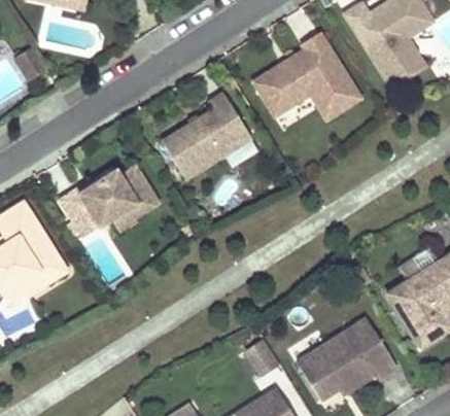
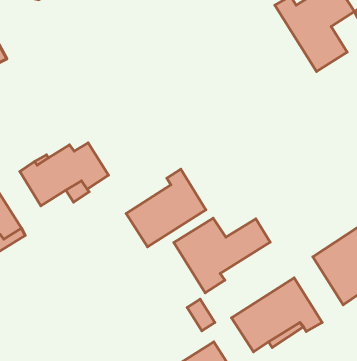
building: [253,31,361,118] -> none
building: [163,92,251,178] -> [126,169,206,247]
building: none -> [174,218,270,293]

